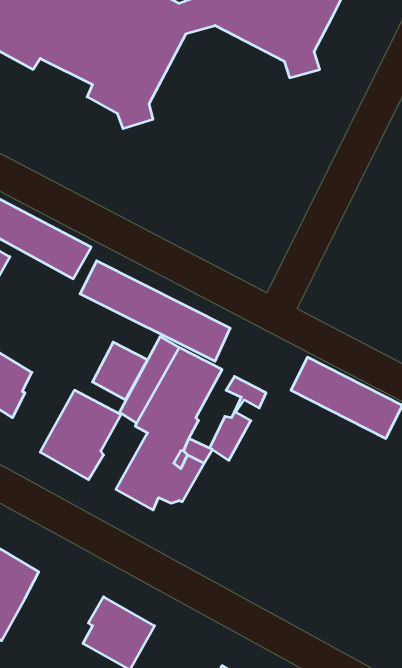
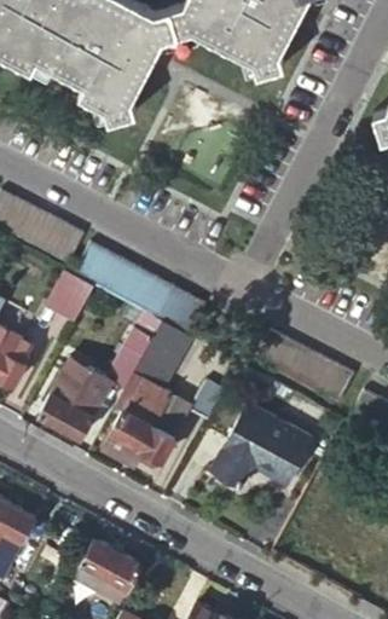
building: [92,342,147,400] -> [44,268,92,319]
building: none -> [210,401,309,482]

